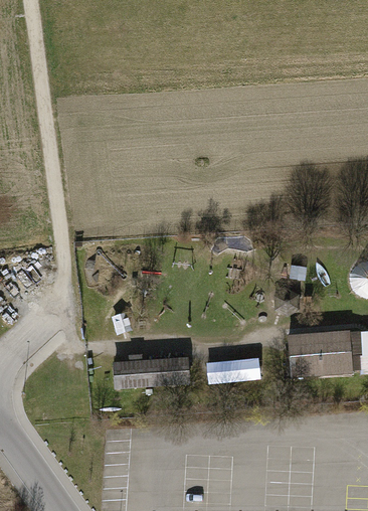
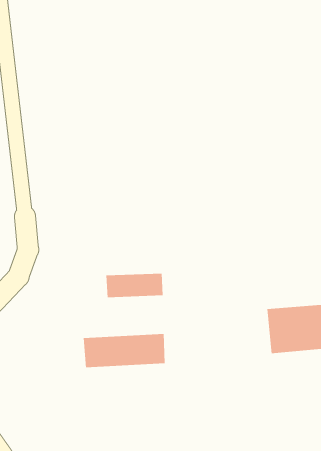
building: [208,355,262,378] -> [106,273,164,298]

